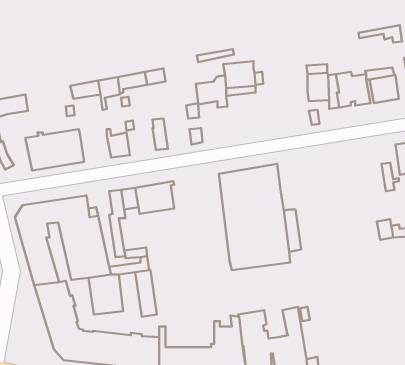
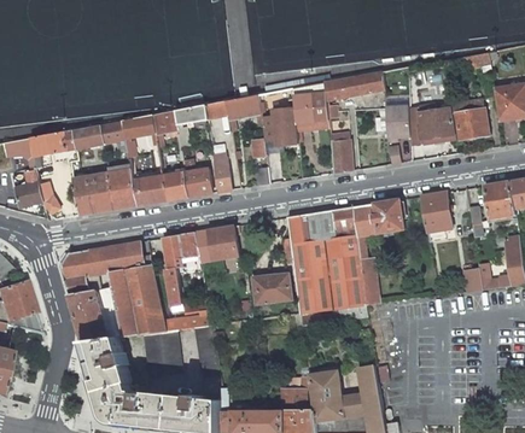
building: none -> [323,70,385,100]
building: none -> [226,94,261,119]
building: none -> [72,119,126,147]
building: none -> [329,139,351,172]
building: none -> [185,168,211,197]
building: none -> [133,171,168,204]
building: none -> [420,191,451,232]
building: none -> [352,199,404,235]
building: none -> [252,275,292,303]

